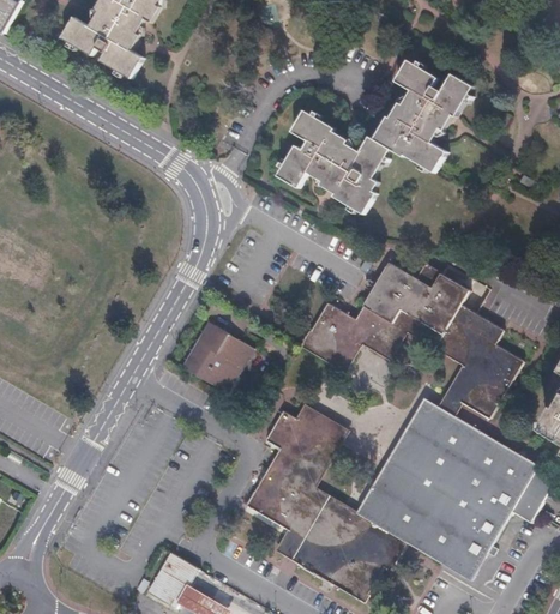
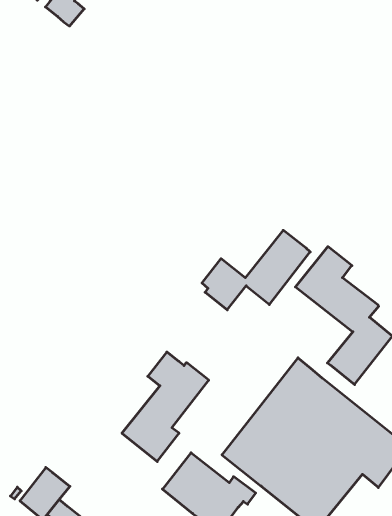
building: [277,58,474,211] -> none
building: [301,265,478,415] -> none
building: [181,323,254,393] -> none
building: [278,407,403,558] -> none

